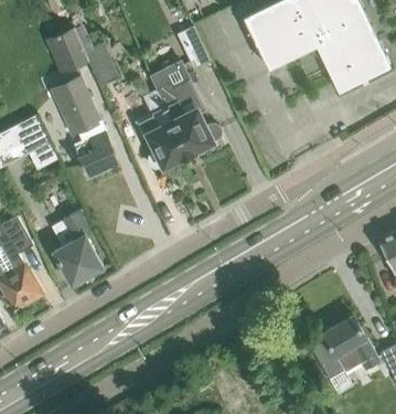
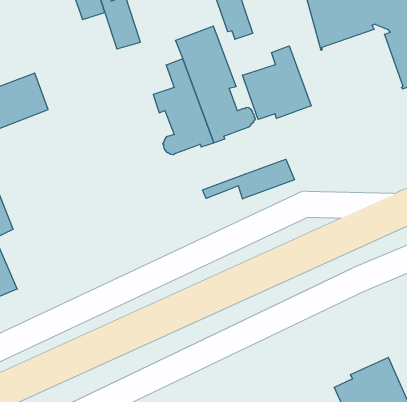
building: none -> [242,46,311,119]
building: [50,78,117,178] -> none
building: none -> [203,159,294,199]
building: [52,213,104,286] -> none

